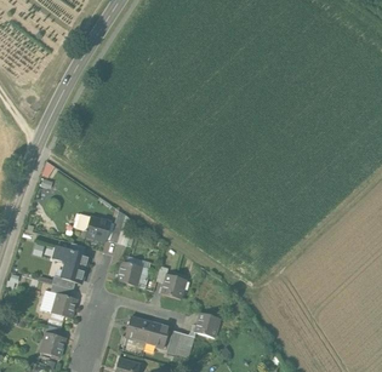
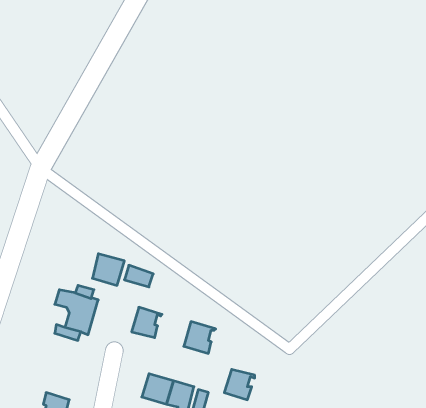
building: [40,290,78,319] -> none

